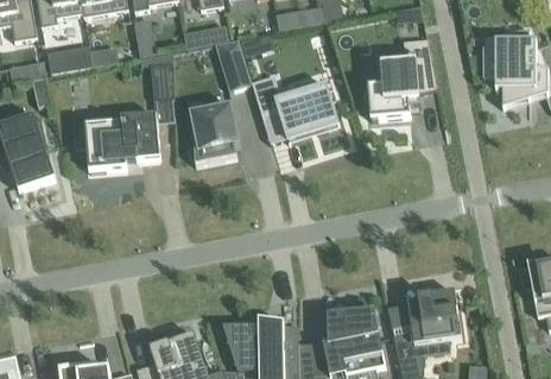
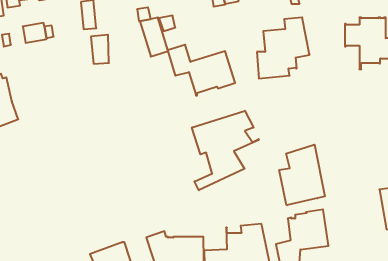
building: [189,105,239,164] -> none
building: [72,113,159,171] -> none
building: none -> [192,111,259,190]
building: none -> [279,145,325,205]

